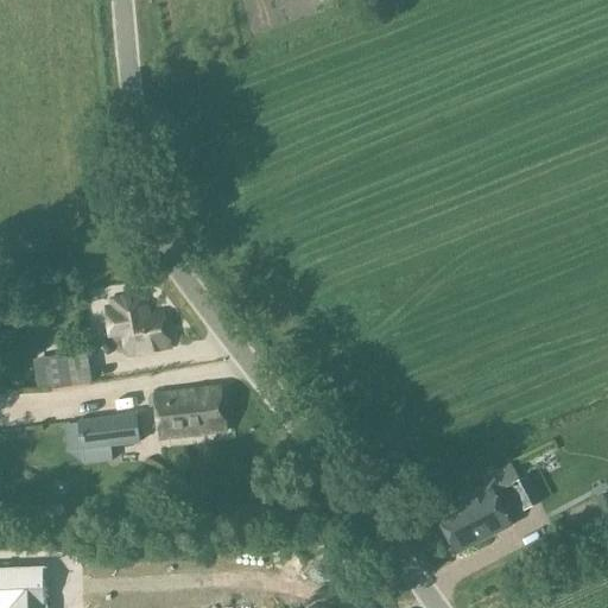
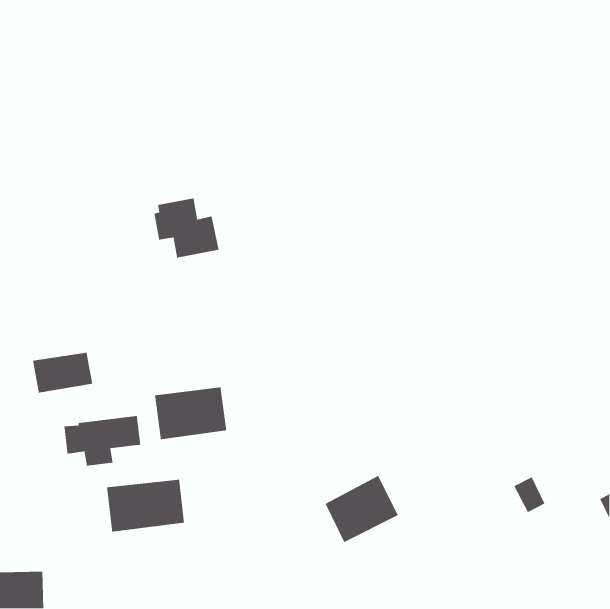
building: [104,292,170,353] -> [154,197,219,258]
building: none -> [106,479,185,533]
building: [438,483,512,551] -> [325,475,399,543]

